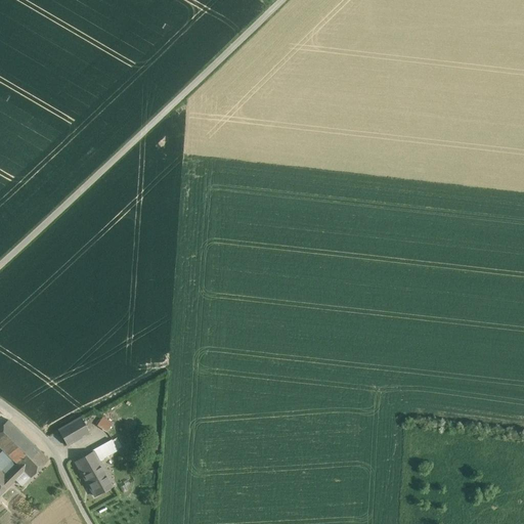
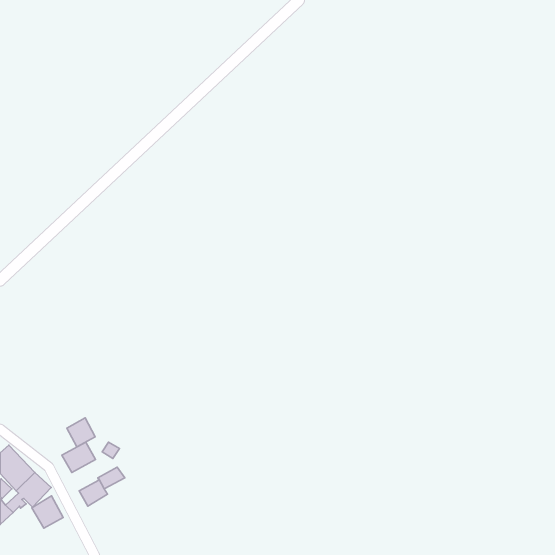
building: none -> [67,418,95,447]
building: [83,466,113,496] -> [32,496,63,528]

